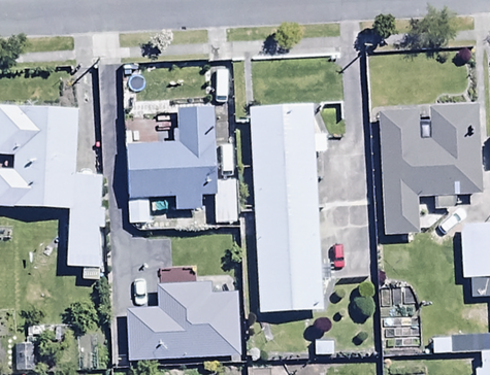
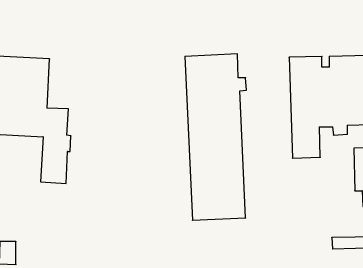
building: [127,105,236,223] -> none
building: [126,279,241,359] -> none

